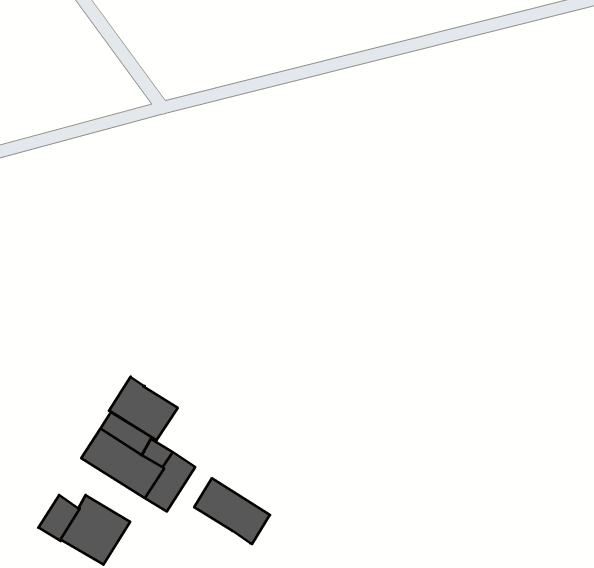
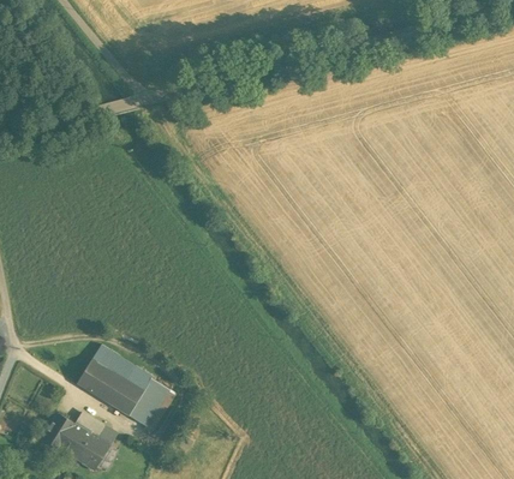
building: [109,377,178,440] -> none
building: [194,478,270,544] -> none

